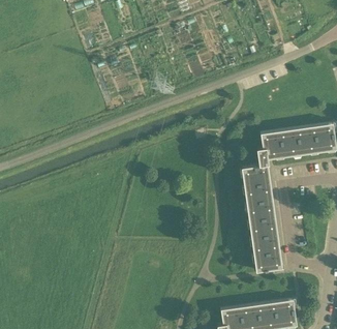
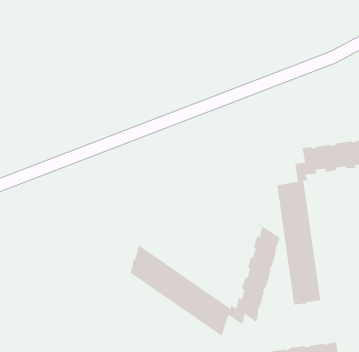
building: none -> [130,224,281,337]

